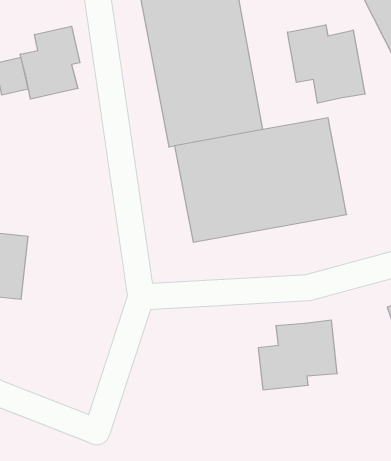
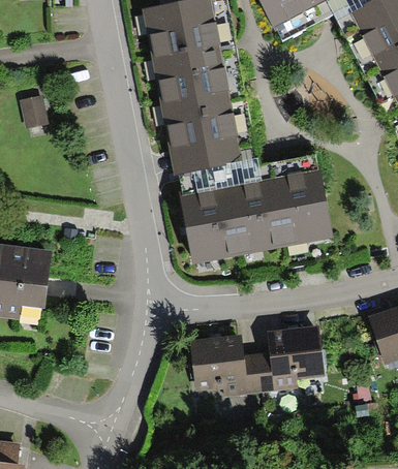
building: [287,25,365,103] -> none
building: [20,26,80,99] -> none
building: none -> [191,337,257,394]

